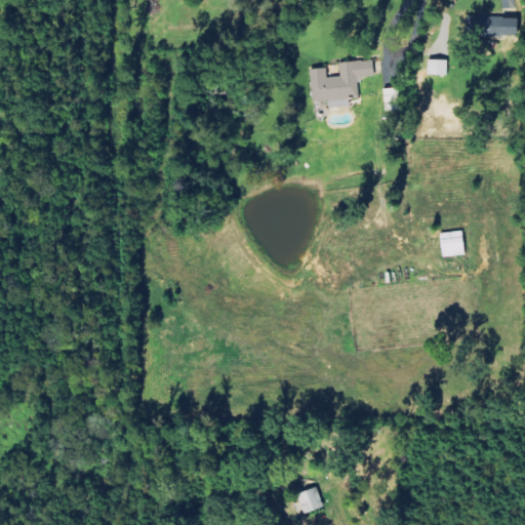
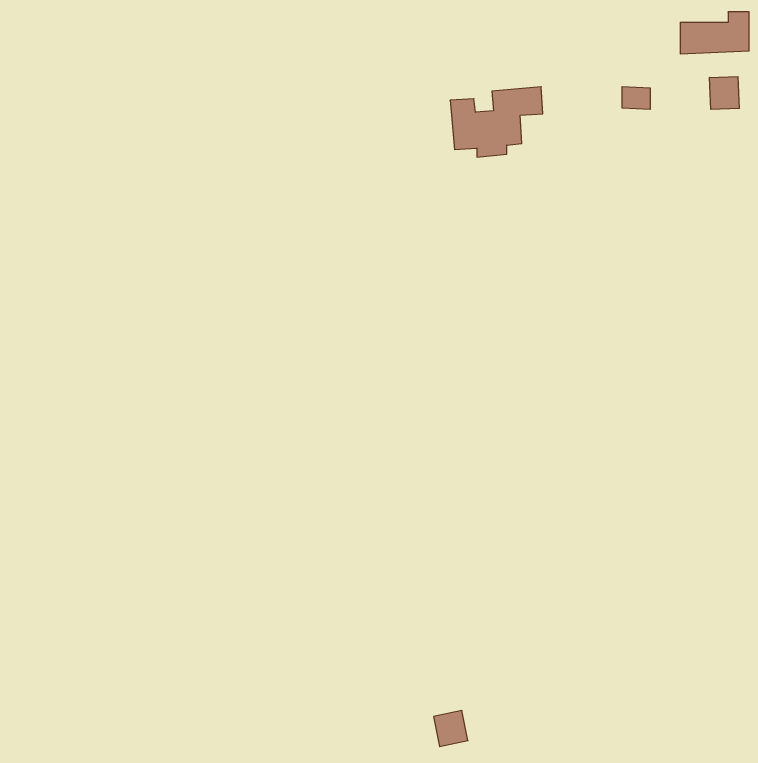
building: none -> [710,77,739,109]
building: [440,231,463,256] -> none

